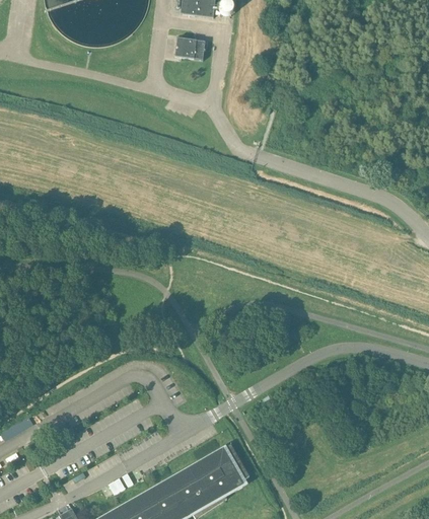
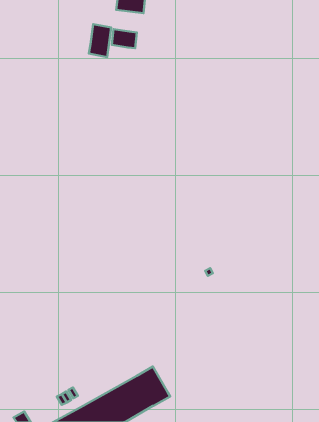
building: none -> [89,24,111,57]

